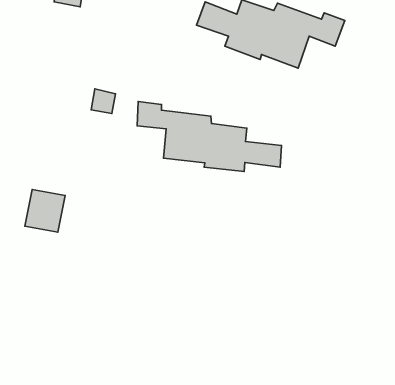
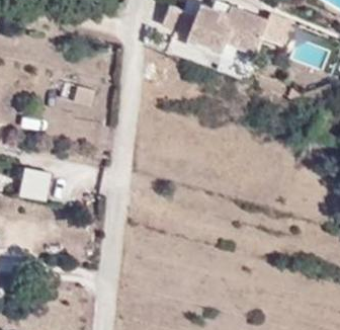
building: [137,102,282,172] -> none

